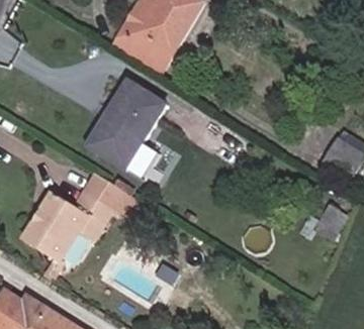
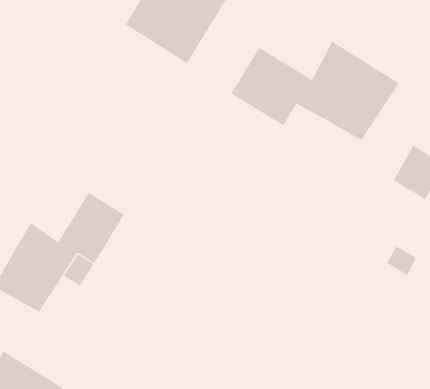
building: none -> [231,41,399,141]
building: [91,77,176,170] -> none

